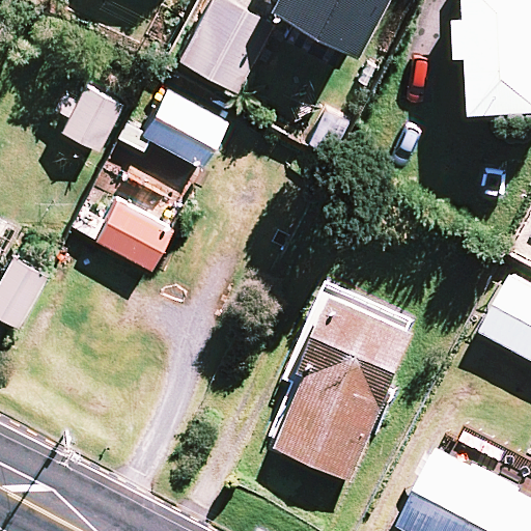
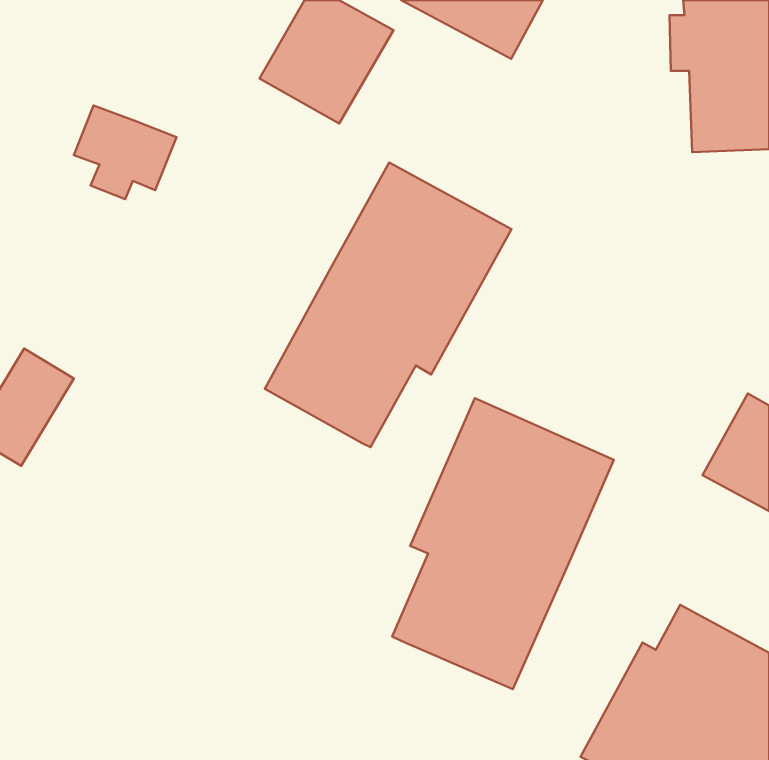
building: [115,91,224,169] -> none
building: none -> [265,163,512,447]
building: [74,191,169,270] -> none

